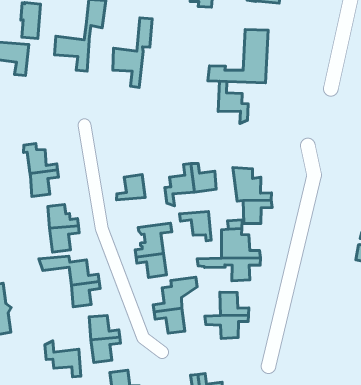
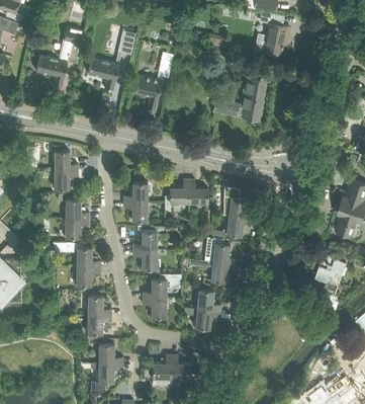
building: [218,81,248,124] -> none
building: [180,211,211,241] -> [123,200,148,226]
building: [45,341,81,377] -> none

